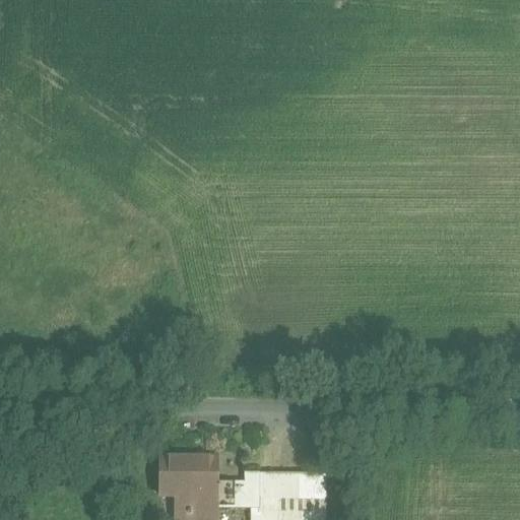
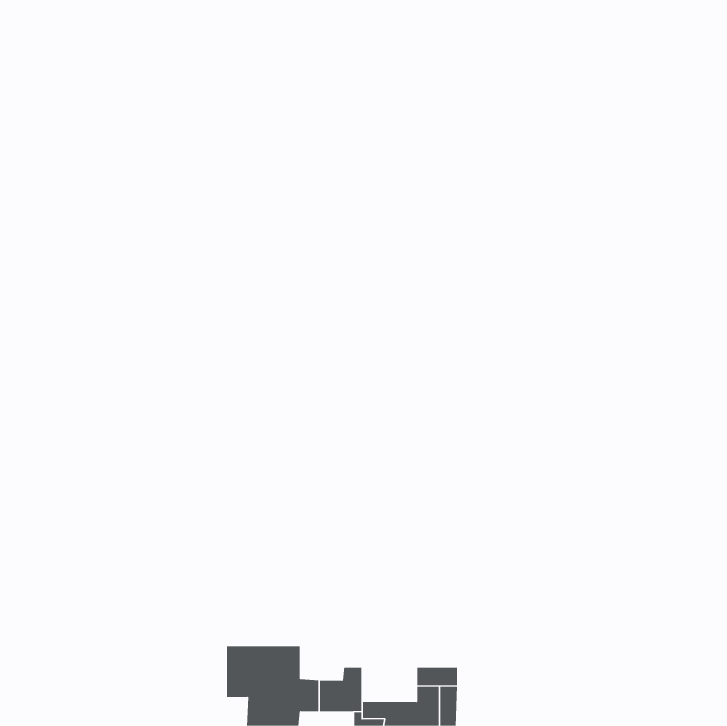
building: [257,473,296,498] -> none

